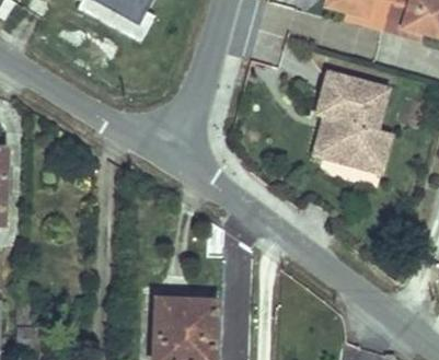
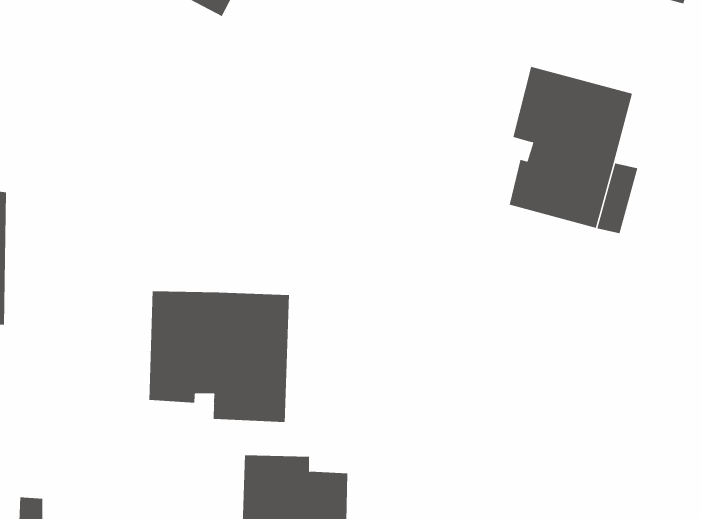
building: none -> [149,291,290,423]

